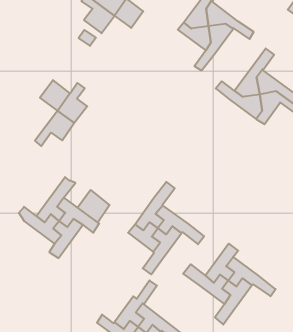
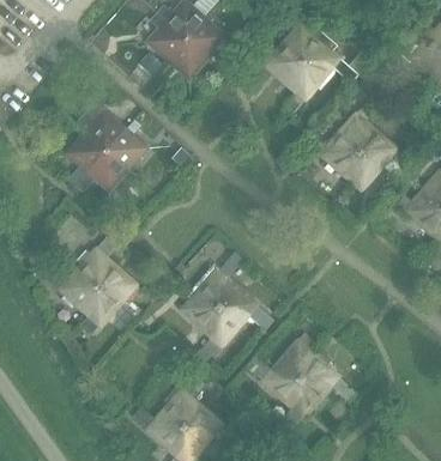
building: none -> [168,40,205,77]
building: none -> [66,133,105,186]
building: [77,190,110,222] -> none

